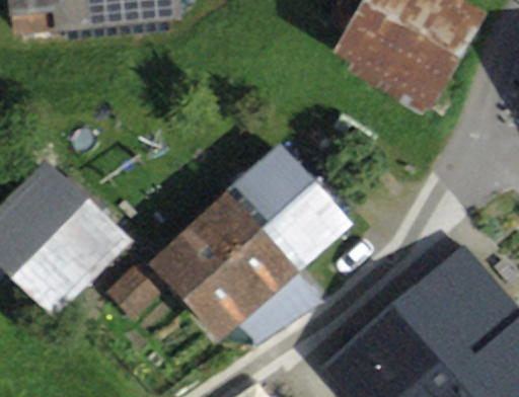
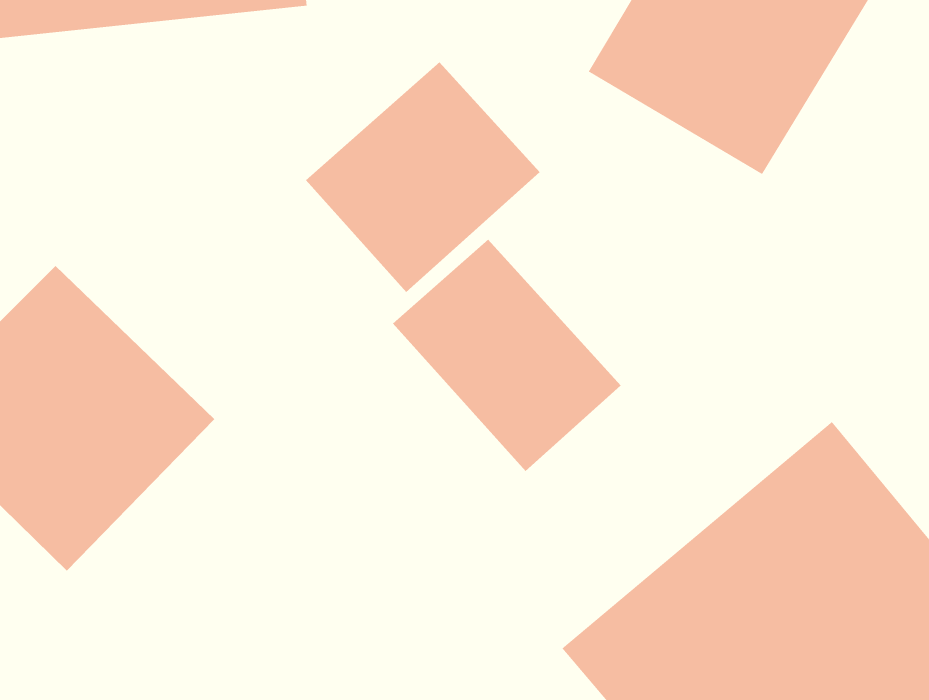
building: none -> [305,61,540,293]
building: [147,188,300,340] -> none

